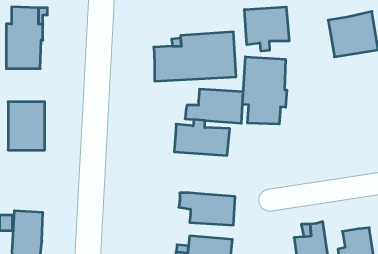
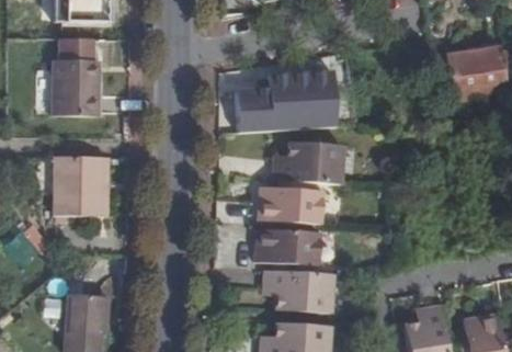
building: [245,7,289,51] -> none
building: [242,57,287,124] -> none
building: none -> [259,226,325,268]

